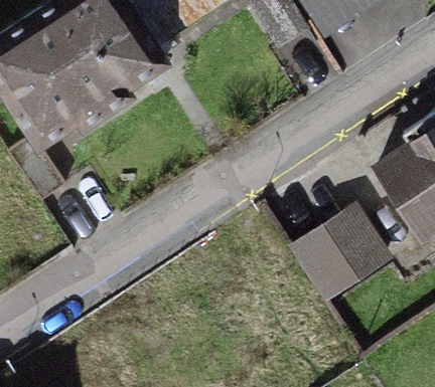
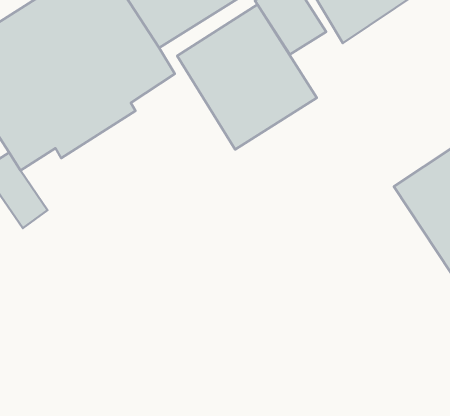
building: none -> [177,5,317,150]
building: [290,201,394,301] -> none

